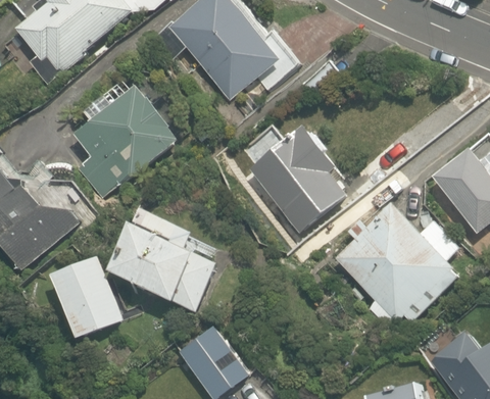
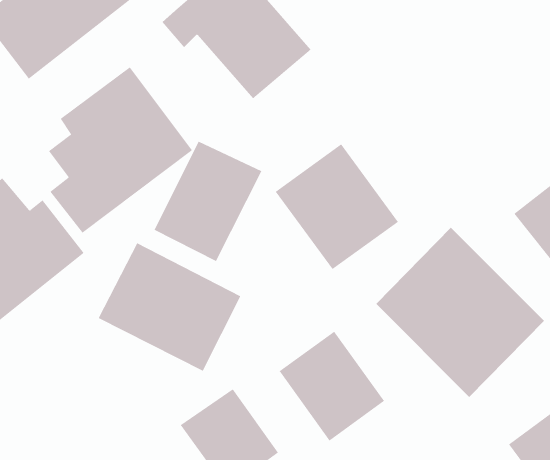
building: none -> [154,141,262,262]
building: [51,255,121,339] -> none
building: none -> [279,331,385,441]

